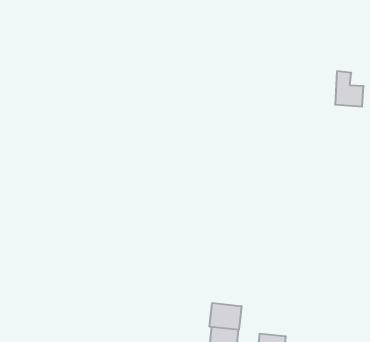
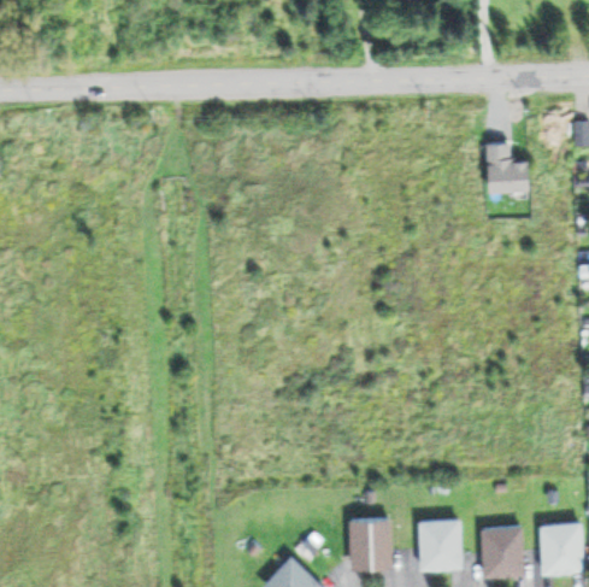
building: [210,303,241,330] -> none

